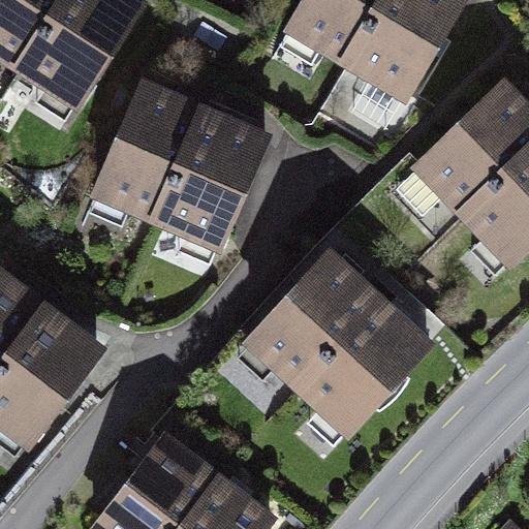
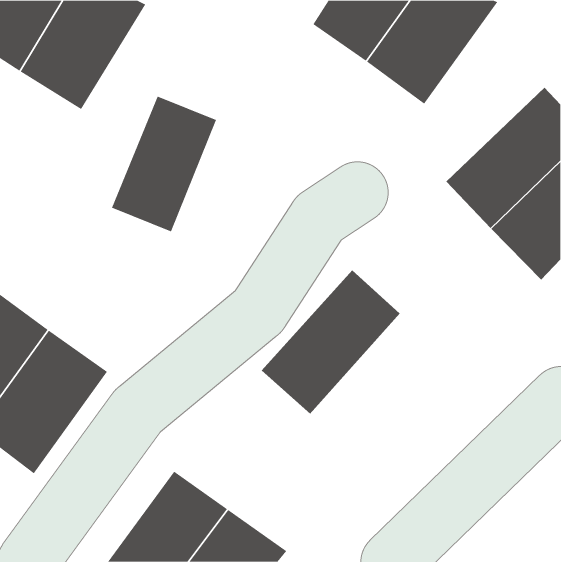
building: [161,113,266,243] -> none
building: [291,294,427,435] -> none

